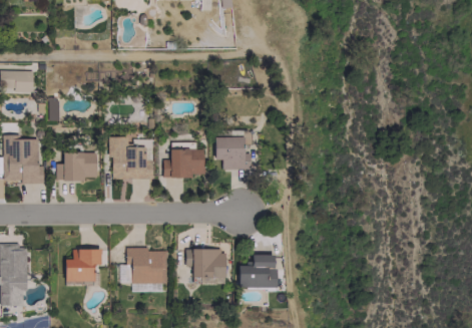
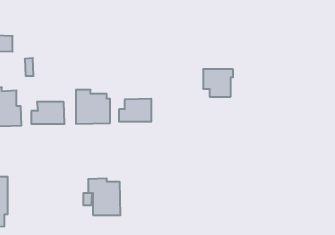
building: [215,135,253,170] -> [203,69,233,97]
building: [65,249,101,282] -> none
building: [185,249,226,278] -> none
building: [239,254,276,288] -> none

